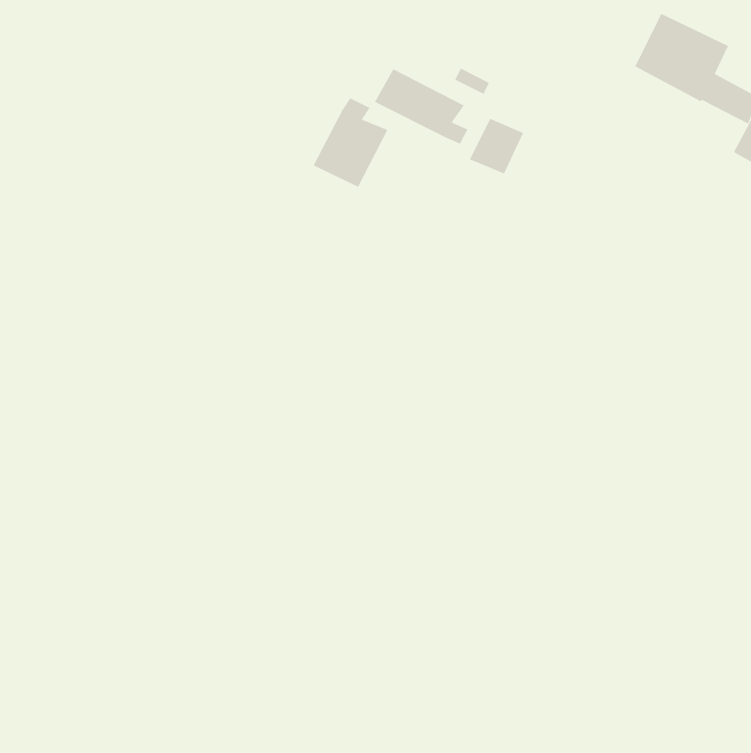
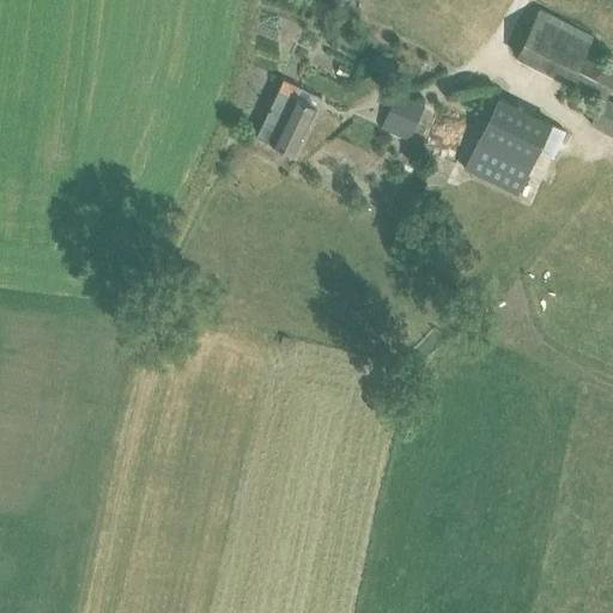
building: [374,69,468,145] -> none
building: none -> [466,99,553,195]

